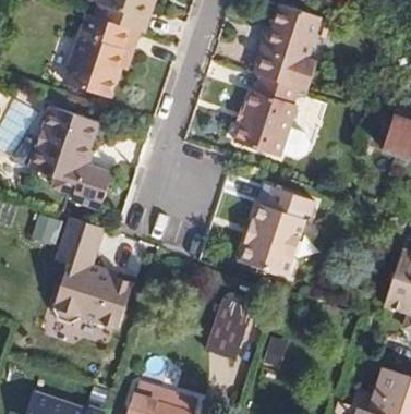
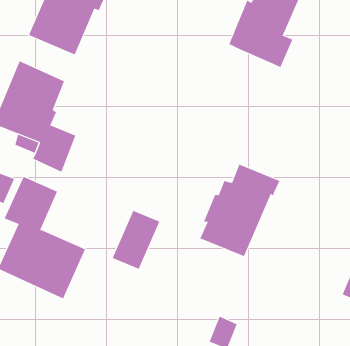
building: [237,75,311,158] -> none
building: [210,295,254,352] -> [112,210,160,270]

